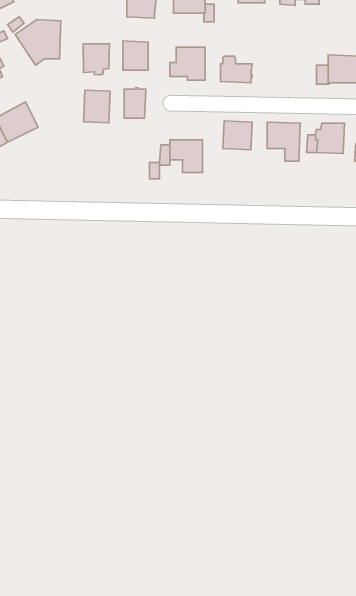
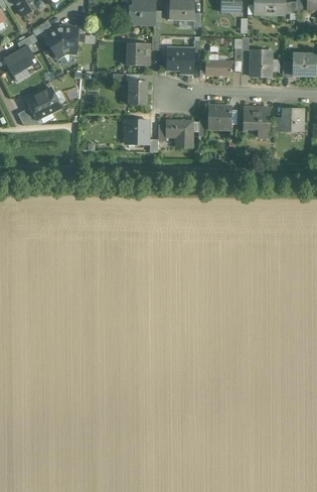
building: [83,44,110,75] -> none
building: none -> [251,49,271,76]
building: [84,90,110,123] -> [127,118,148,144]

